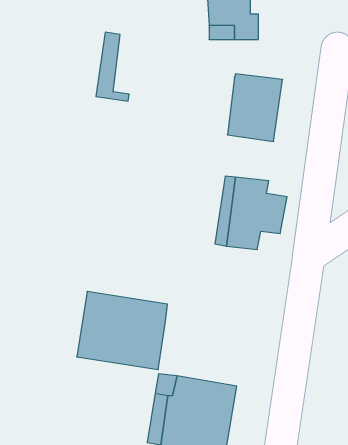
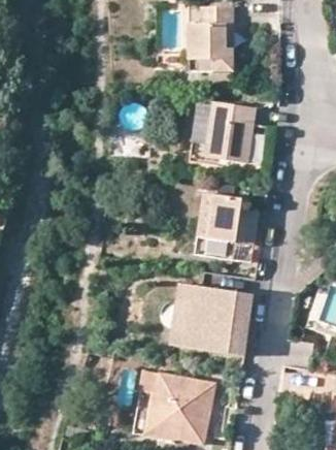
building: [96,32,129,101] -> [191,102,221,164]
building: [77,292,167,370] -> [172,283,254,353]

